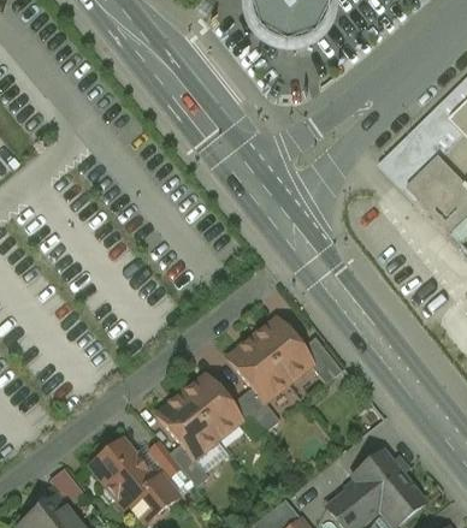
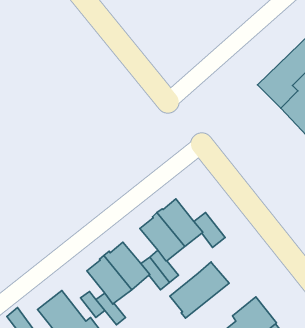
building: none -> [170,262,229,318]

